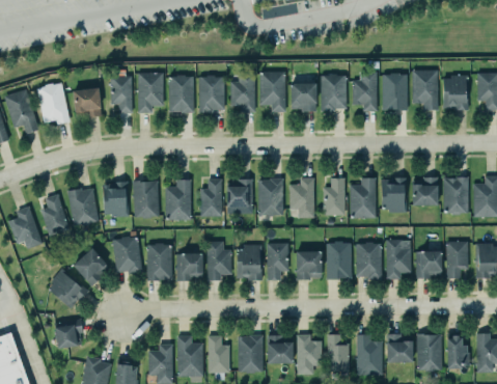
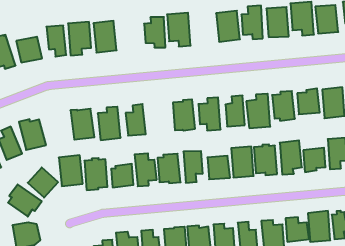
building: [199,77,225,112] -> none
building: [291,83,316,111] -> none
building: [227,181,254,208] -> none
building: [103,183,130,219] -> none

